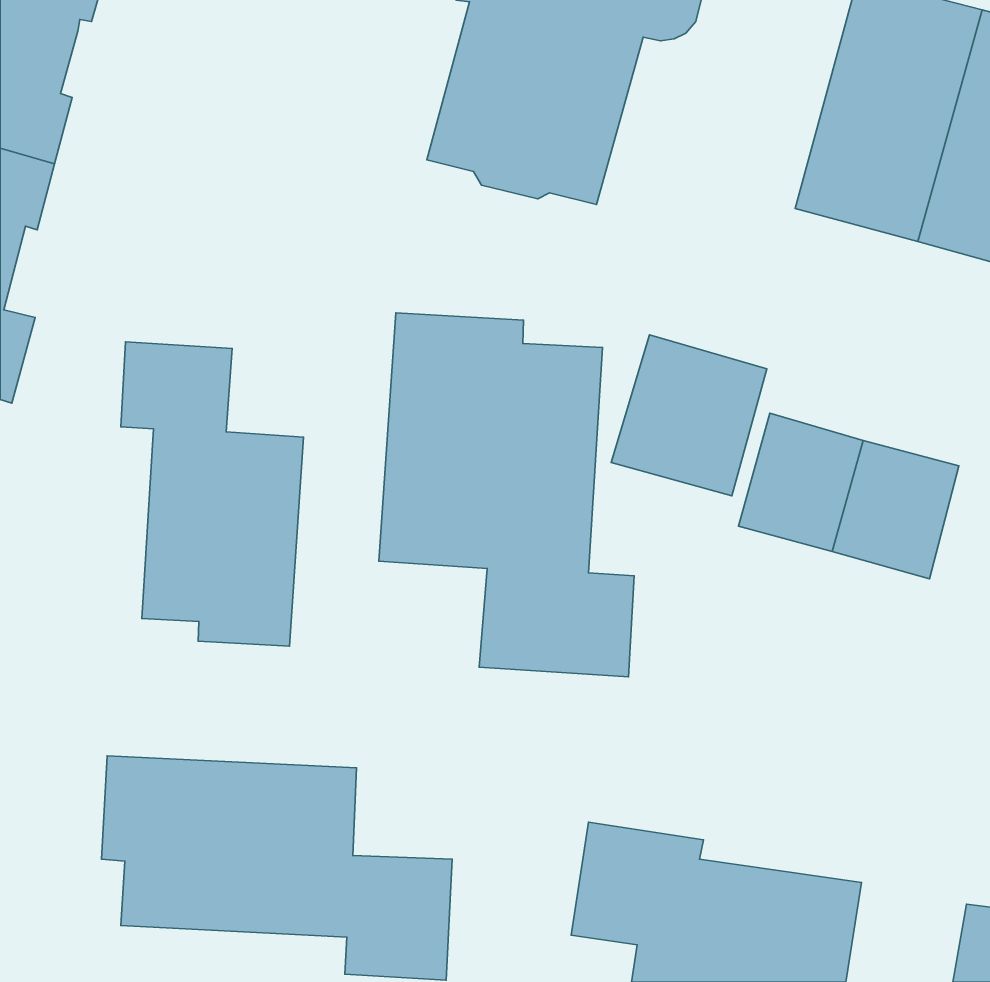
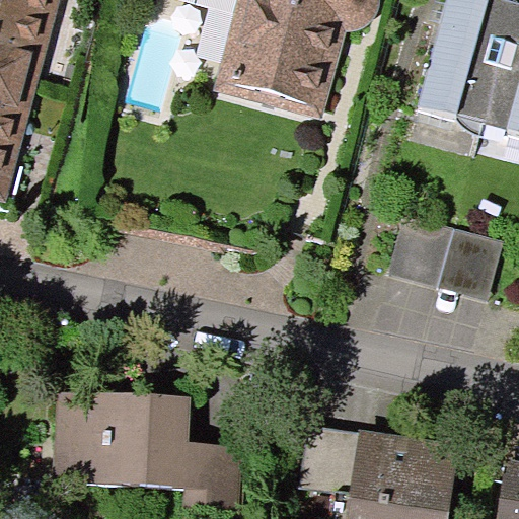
building: [379,313,634,677] -> none
building: [611,335,767,496] -> none
building: [121,342,304,646] -> none

